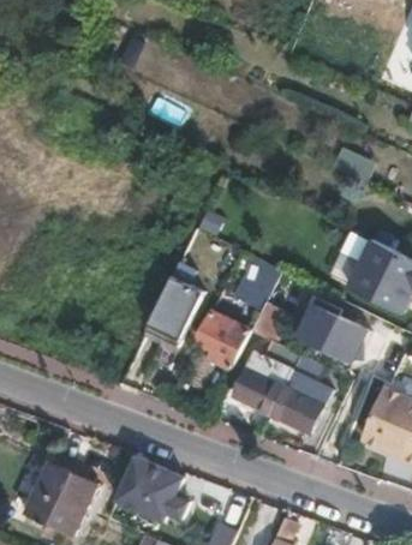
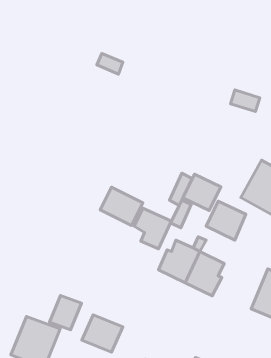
building: none -> [183,174,221,211]
building: none -> [49,295,81,330]

